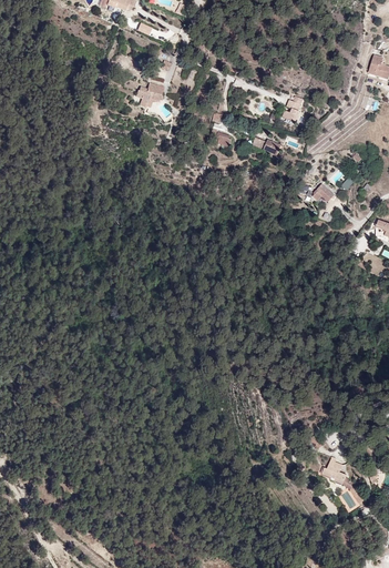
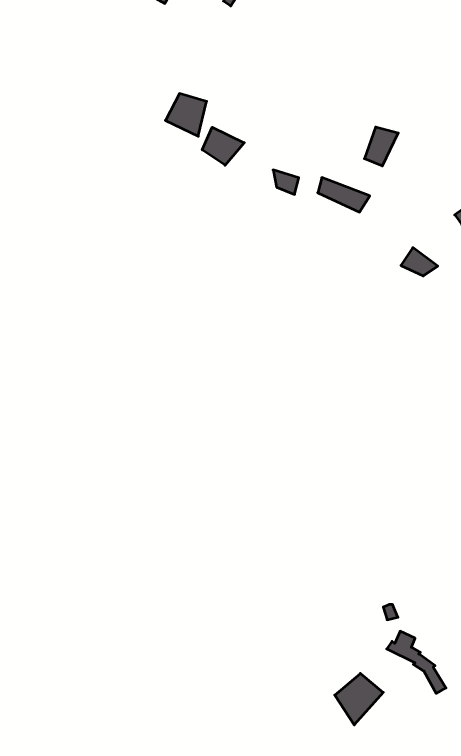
building: none -> [202,127,244,165]
building: none -> [335,673,383,725]

